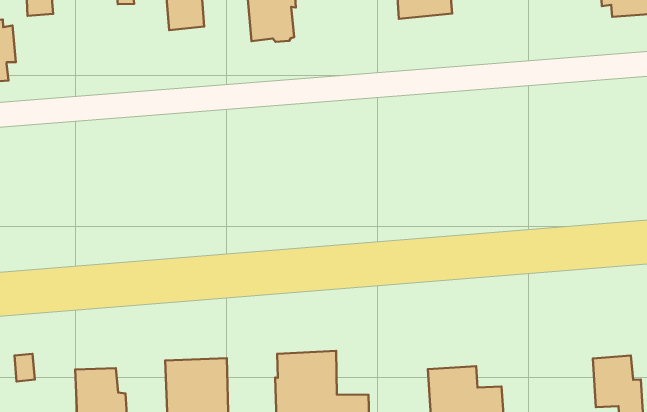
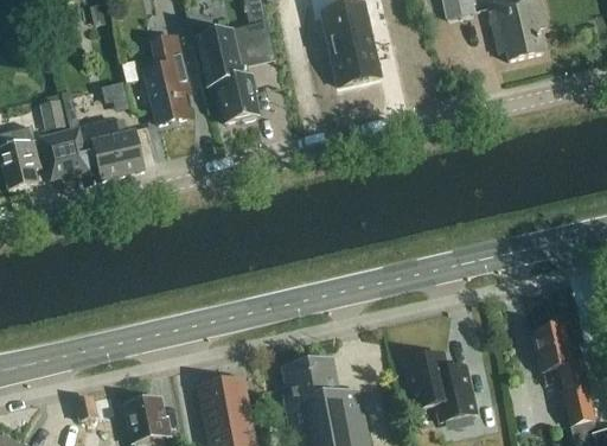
building: none -> [39,117,143,178]

